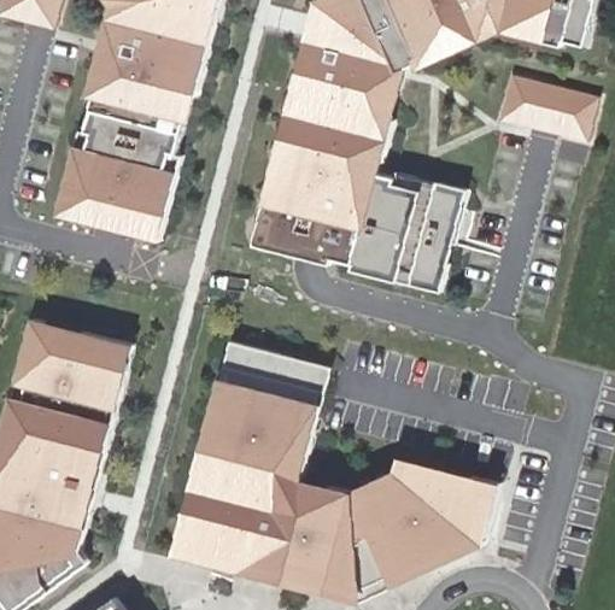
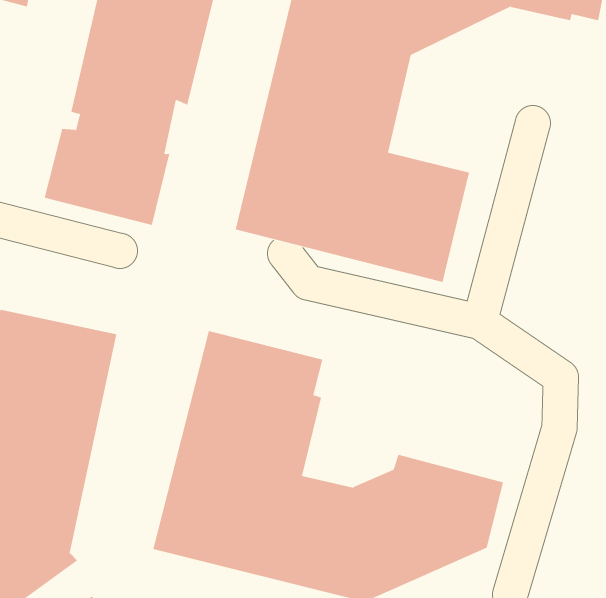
building: [488,71,587,139] -> none

